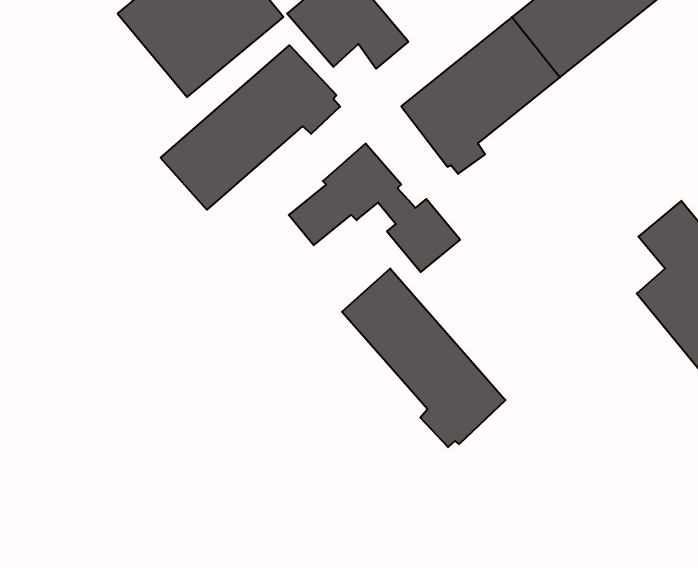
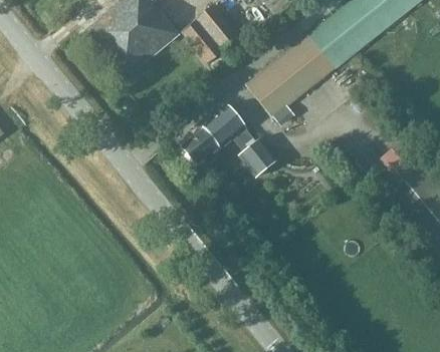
building: [161,45,340,210] -> none
building: [342,268,506,447] -> none

